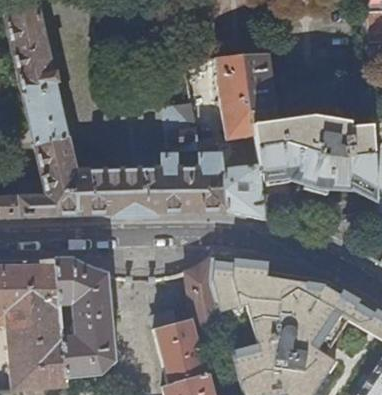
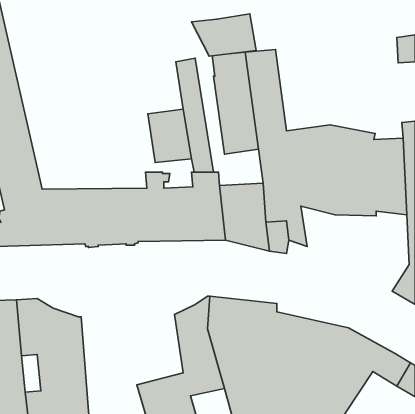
building: none -> [191,14,256,56]

